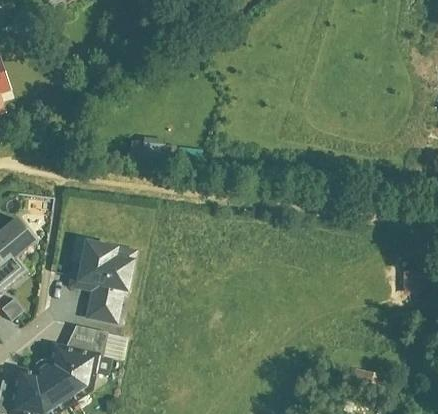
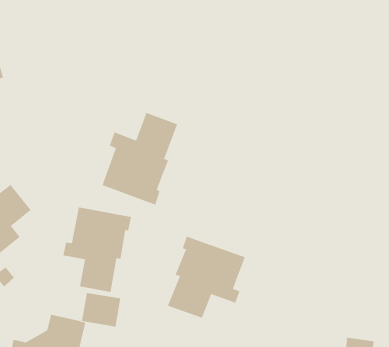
building: none -> [102,112,178,205]
building: none -> [167,236,246,319]

